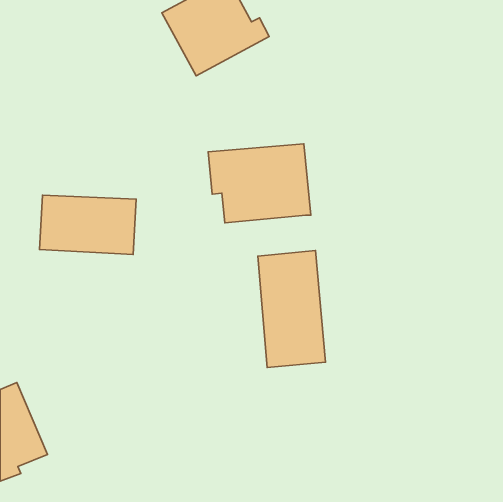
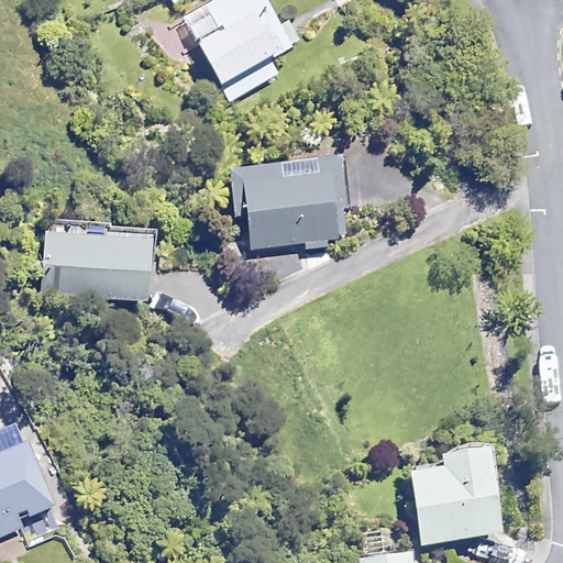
building: [258,251,326,368] -> none
building: none -> [409,449,500,545]

